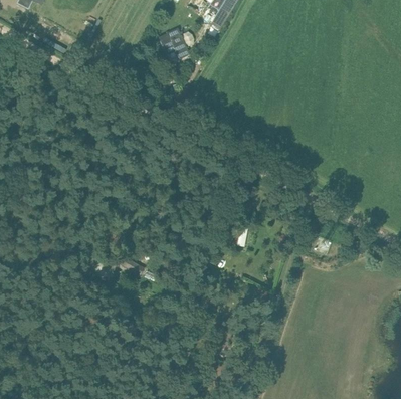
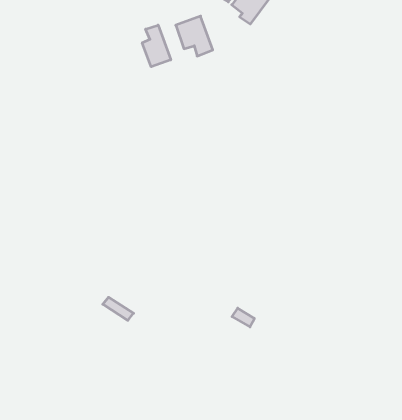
building: none -> [142,25,171,67]

